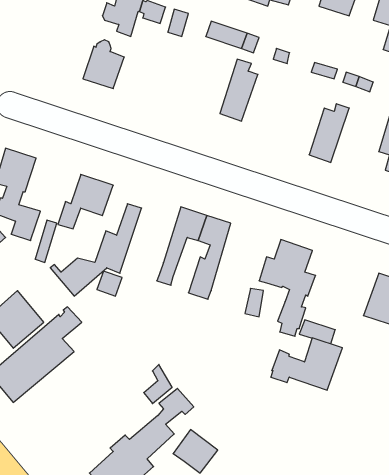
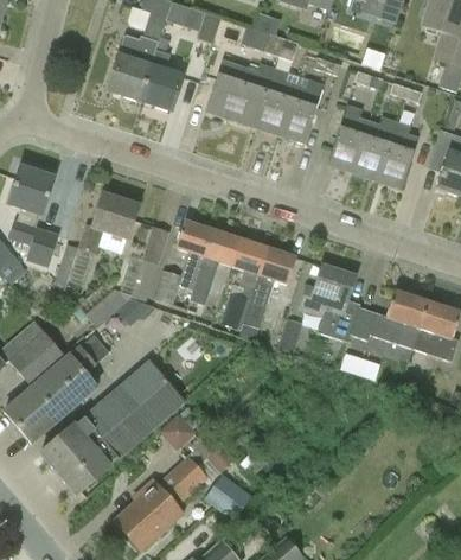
building: none -> [139,49,183,110]
building: none -> [205,59,274,127]
building: none -> [278,79,324,144]
building: none -> [327,106,369,172]
building: none -> [376,121,418,189]
building: none -> [153,219,212,305]
building: none -> [245,247,296,324]
building: none -> [40,362,184,495]
building: [271,338,342,390] -> [350,291,428,348]

